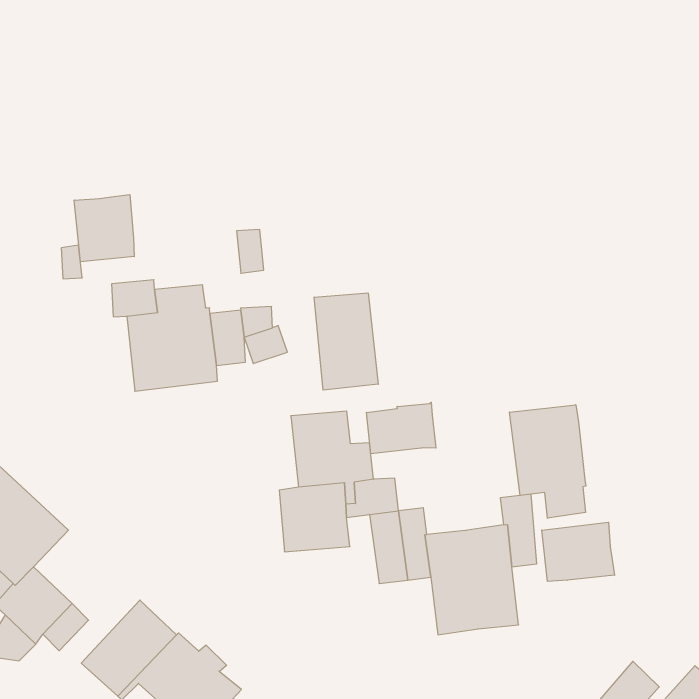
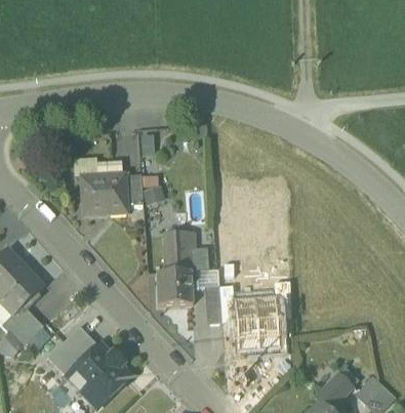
building: [74,195,134,262] -> none
building: [314,293,378,390] -> none
building: [366,402,436,454] -> none
building: [510,405,586,518] -> none
building: [542,522,615,581] -> none

